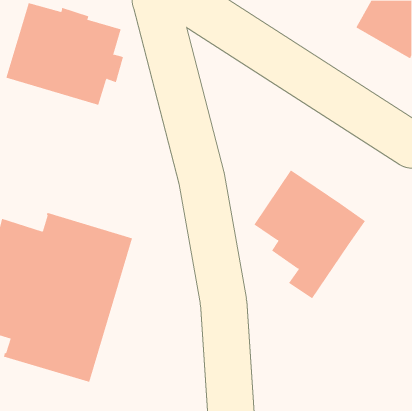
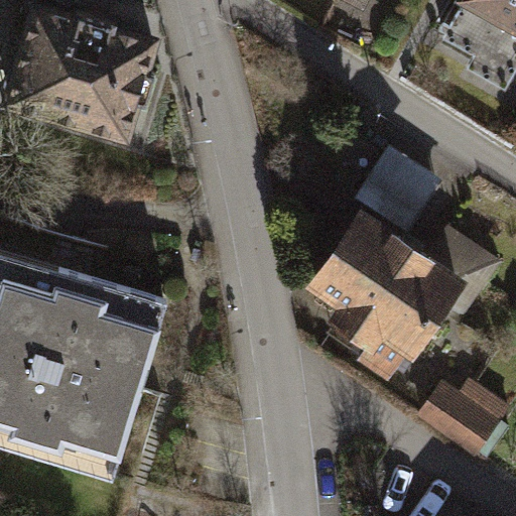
building: none -> [351,145,440,235]
building: none -> [424,225,500,325]
building: none -> [420,386,508,455]

